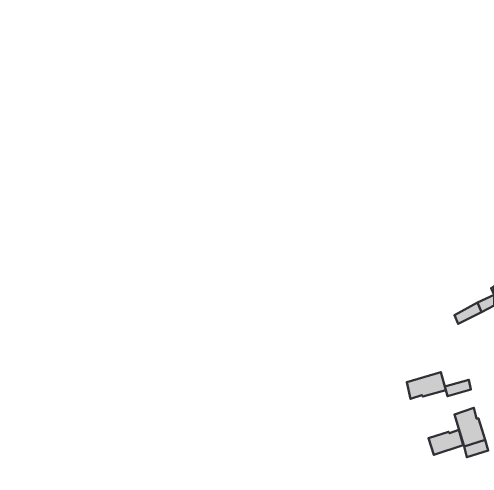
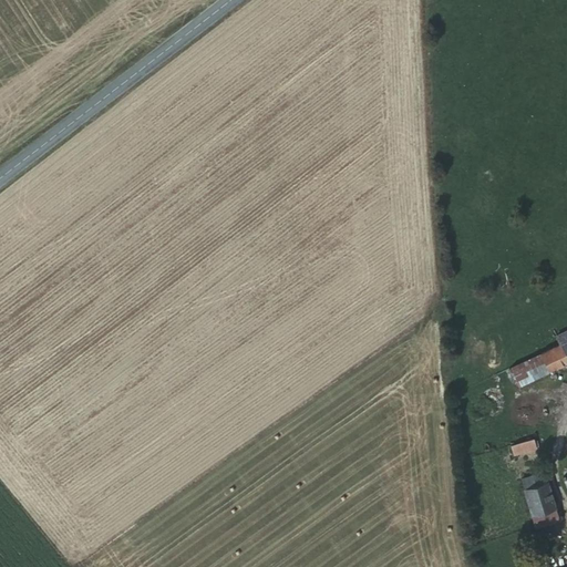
building: [407,372,446,399] -> none
building: [429,430,463,455] -> none

